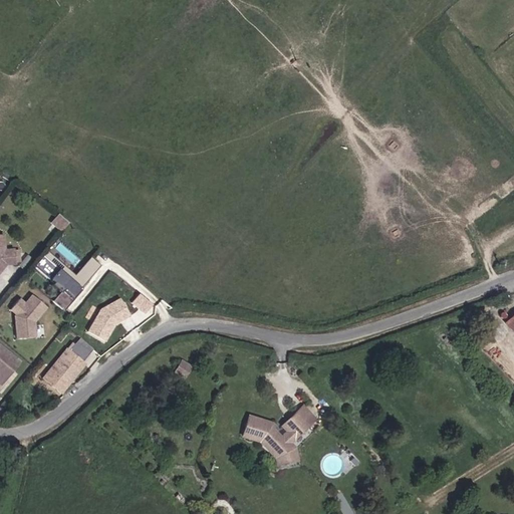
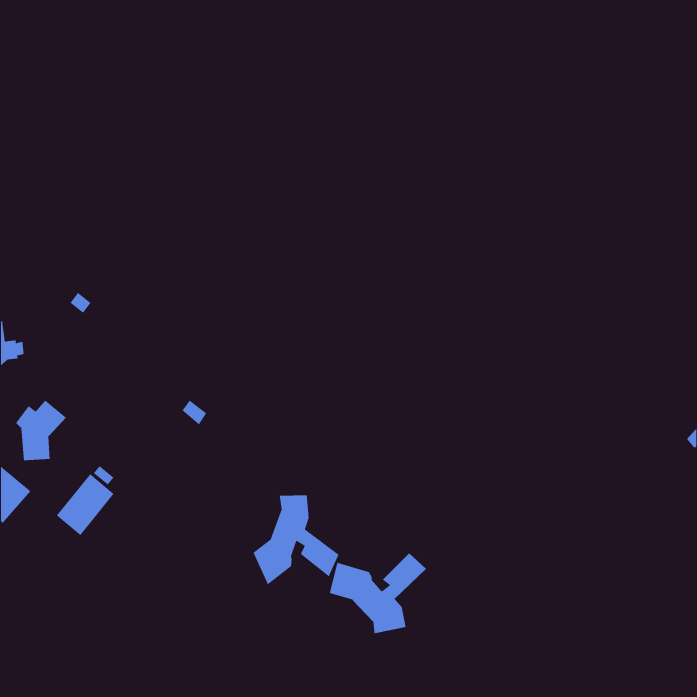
building: [45,253,101,310] -> none
building: [87,298,131,342] -> none
building: none -> [253,494,340,586]

